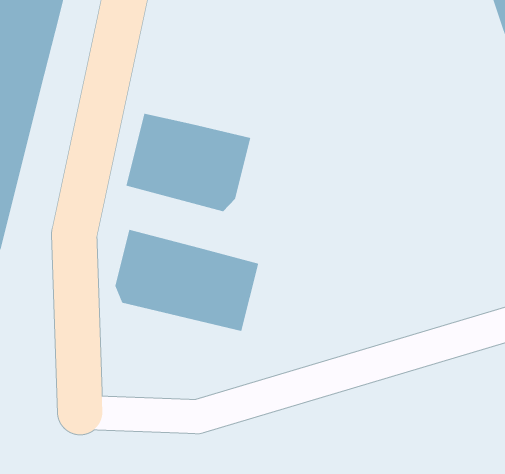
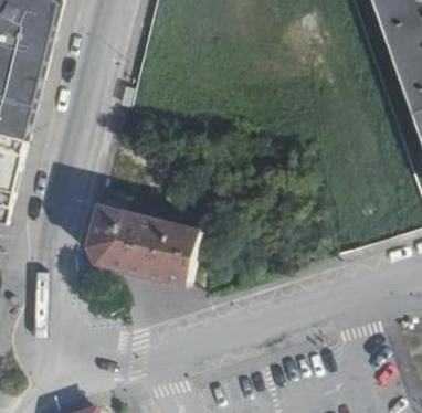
building: [125,113,251,212] -> none

